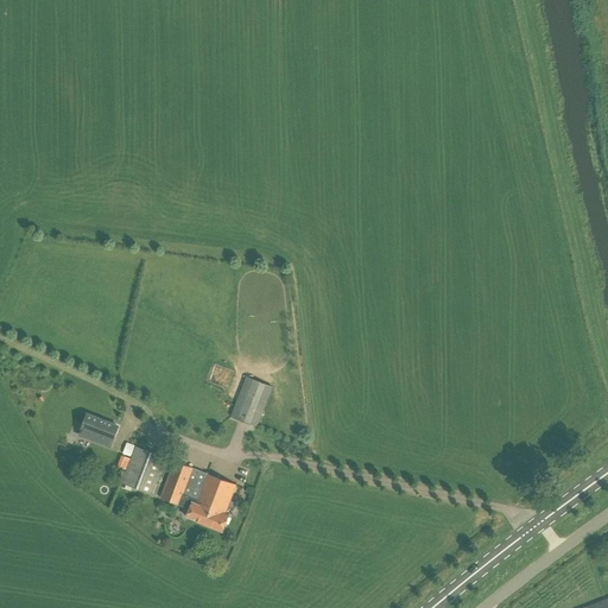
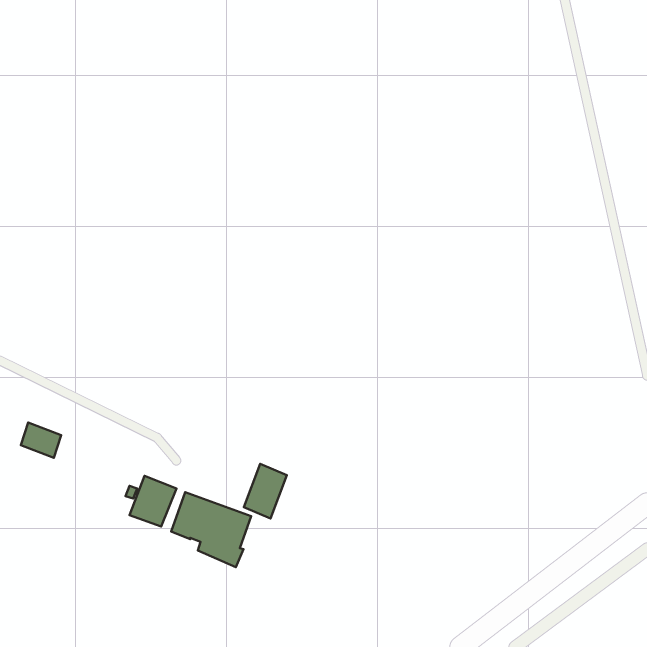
building: [230,375,271,426] -> [244,464,287,518]
building: [78,413,116,446] -> [21,422,61,458]

